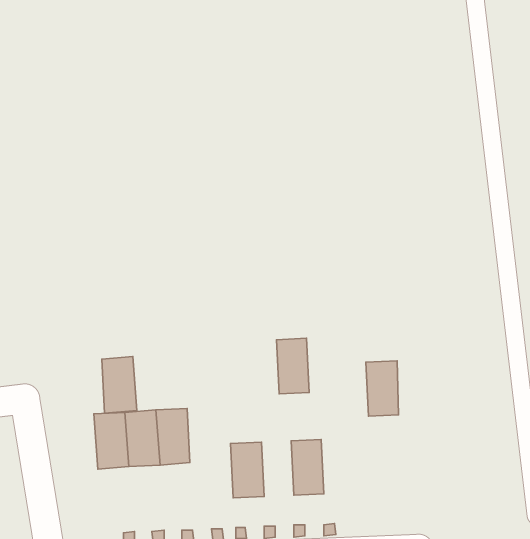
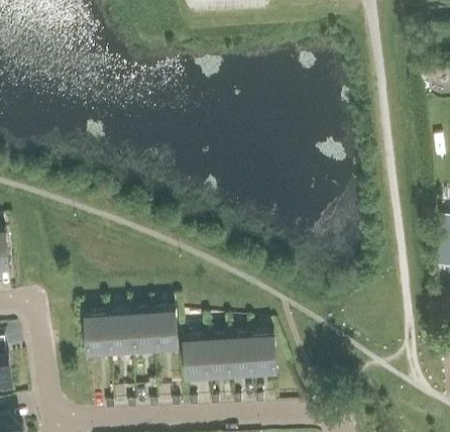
building: [277,338,309,394] -> [209,336,233,377]
building: [102,356,137,413] -> [153,310,180,352]
building: [366,361,398,416] -> [253,334,277,375]

